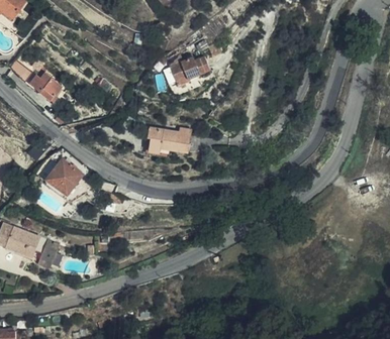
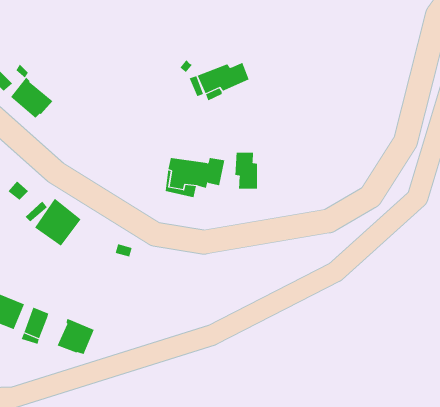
building: none -> [235,152,257,190]
building: none -> [57,318,94,355]

